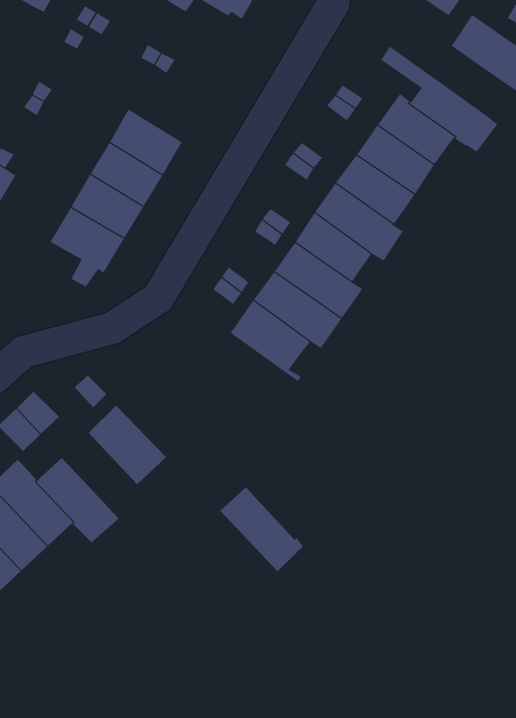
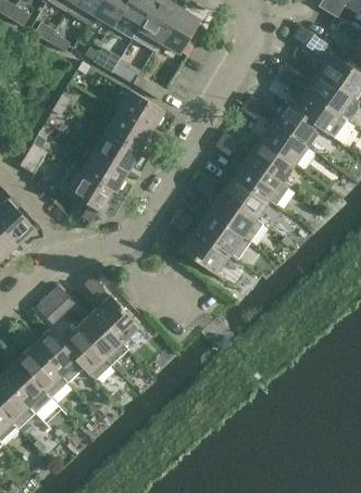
building: none -> [279,63,353,115]
building: none -> [117,90,164,131]
building: [220,486,304,572] -> [76,312,128,365]

